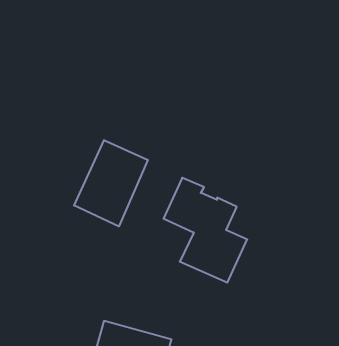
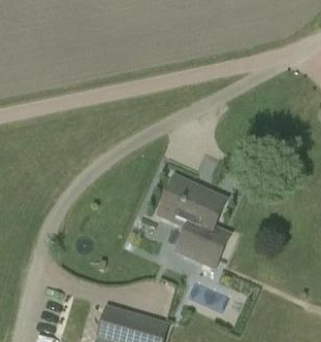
building: [74,140,148,226] -> none

